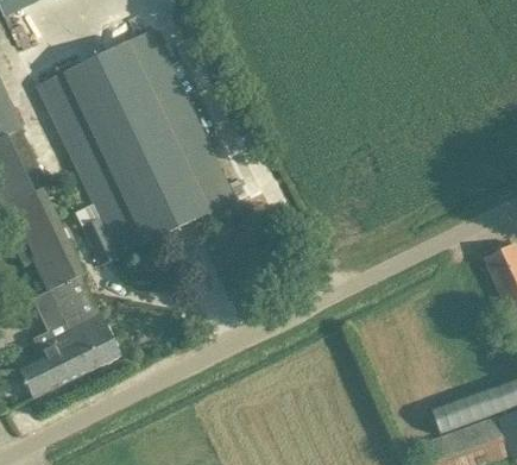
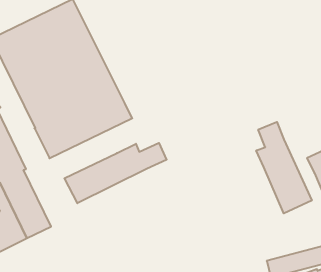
building: none -> [256,122,312,213]
building: none -> [64,143,167,203]

